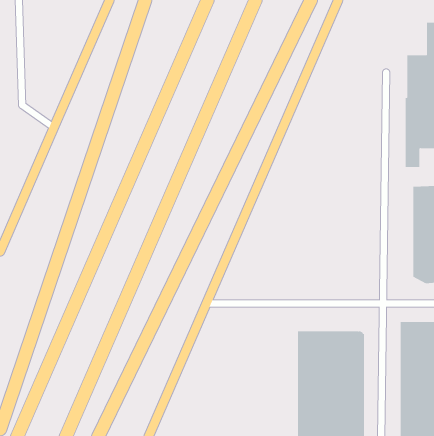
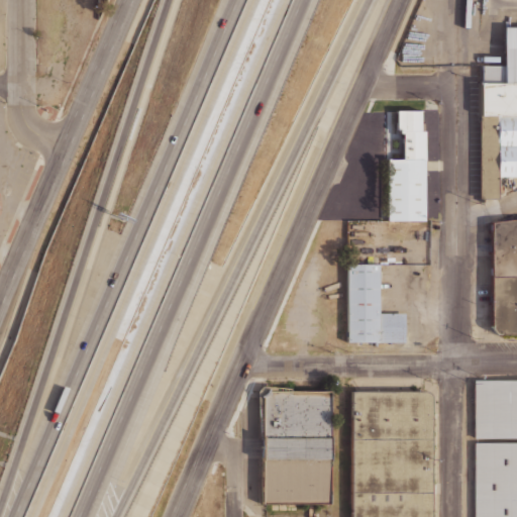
building: none -> [390,110,427,221]
building: none -> [349,265,407,342]
building: none -> [261,387,333,505]

